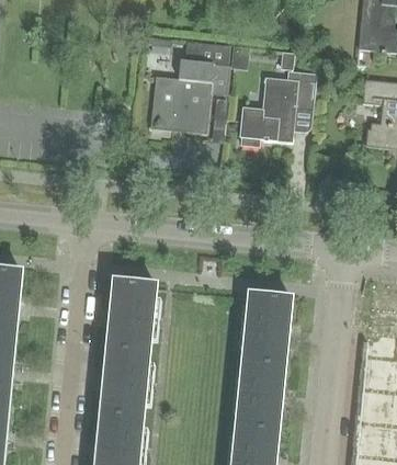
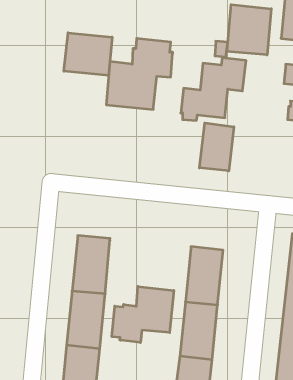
building: none -> [227,5,271,55]
building: none -> [64,33,112,76]
building: none -> [199,123,234,171]
building: none -> [112,286,174,343]

